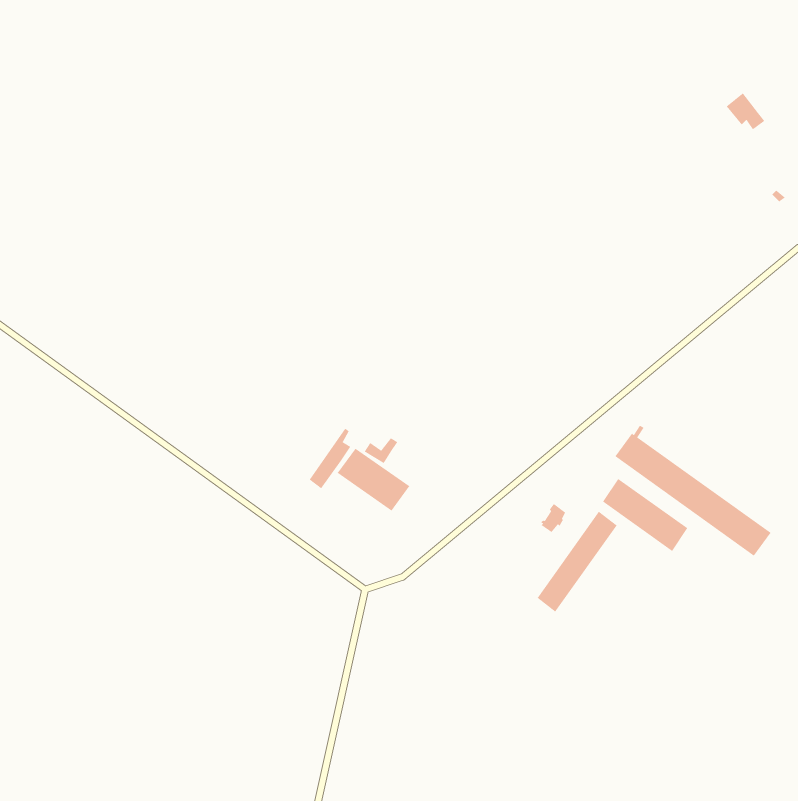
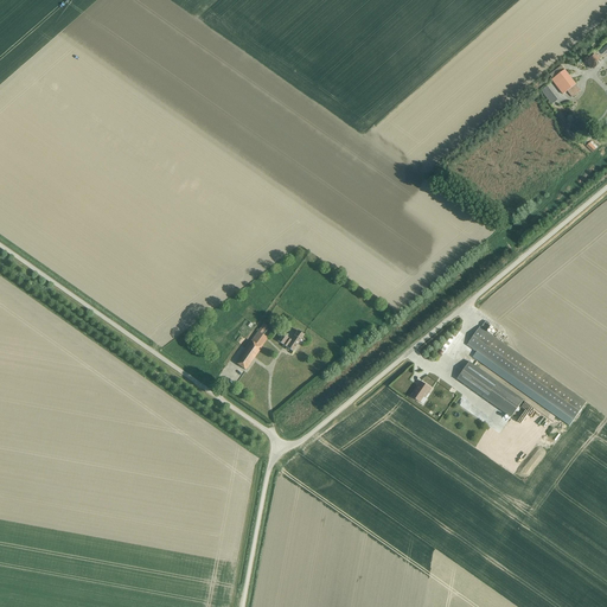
building: [337,448,410,511] -> none
building: [537,511,617,613] -> none

